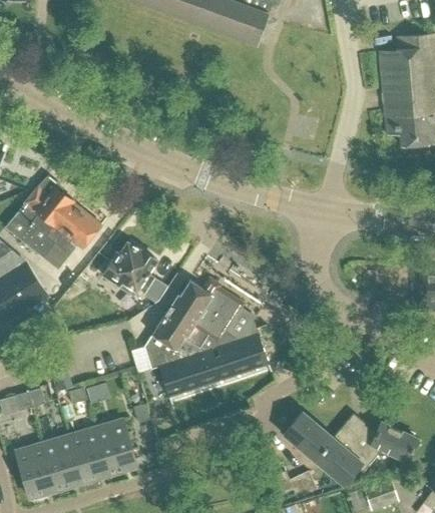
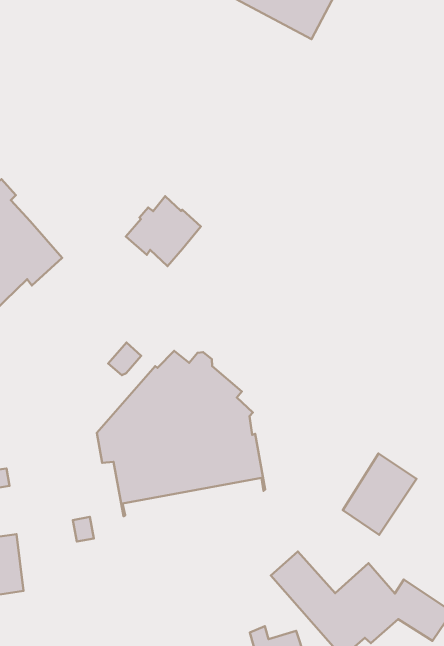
building: [102,242,155,293] -> [126,196,201,266]
building: none -> [343,453,417,535]
building: [95,422,134,470] -> none

